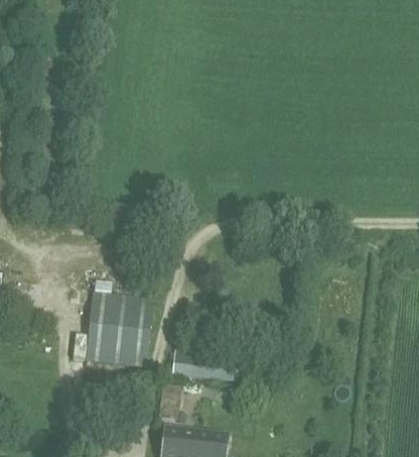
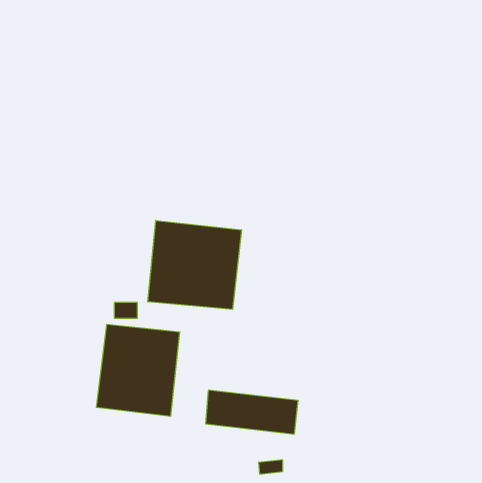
building: none -> [148,220,241,309]

